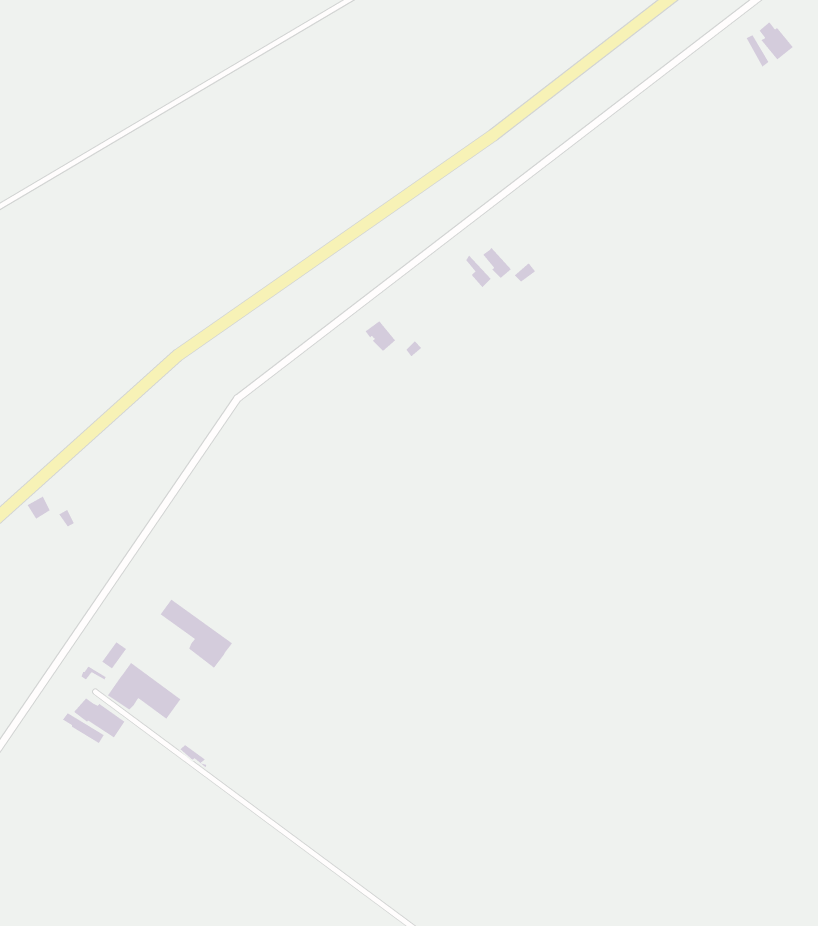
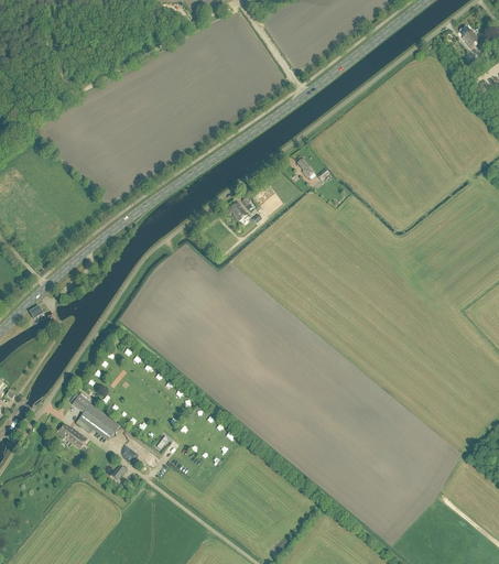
building: [160,599,233,669] -> none

